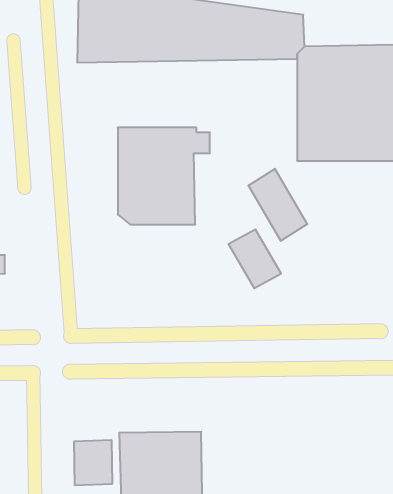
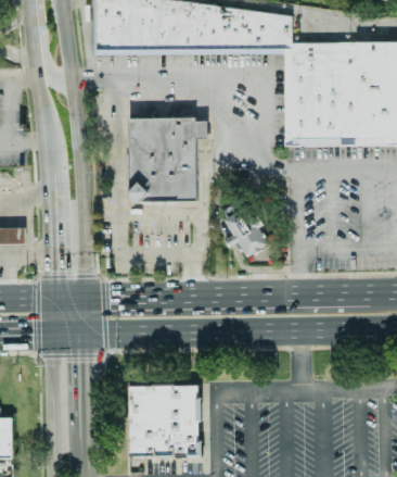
building: [248,169,307,241] -> none
building: [74,440,112,485] -> none

